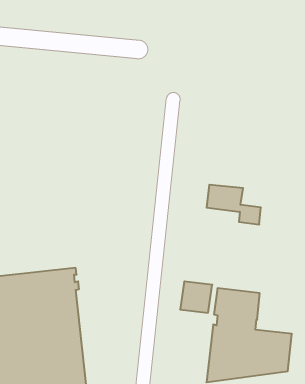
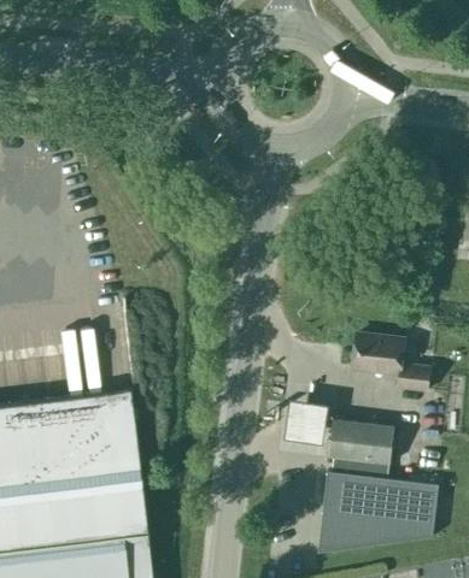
building: [207,185,261,224] -> [353,335,430,391]

